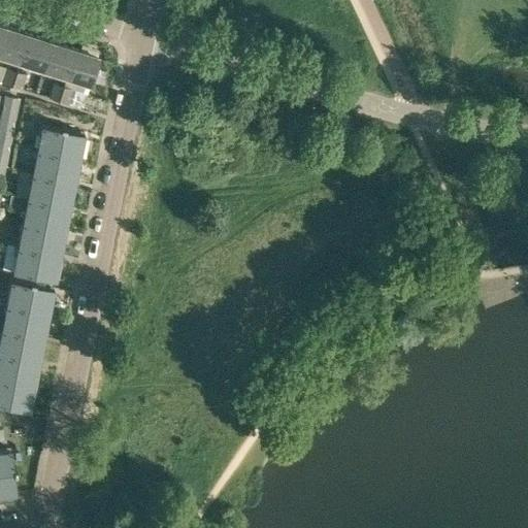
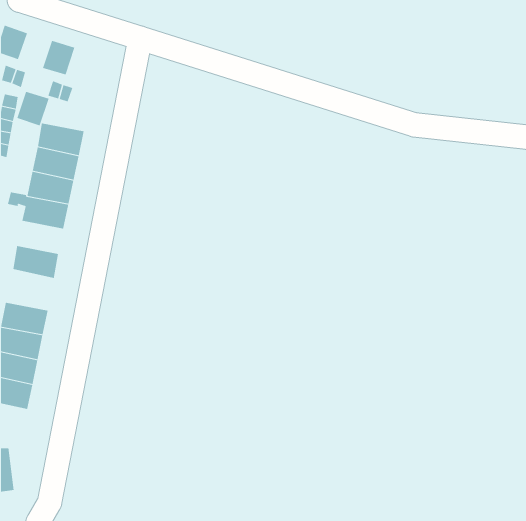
building: [20,39,53,74] -> [16,91,49,126]
building: [67,54,100,89] -> none
building: [18,227,65,260] -> none
building: [6,284,54,317] -> none

